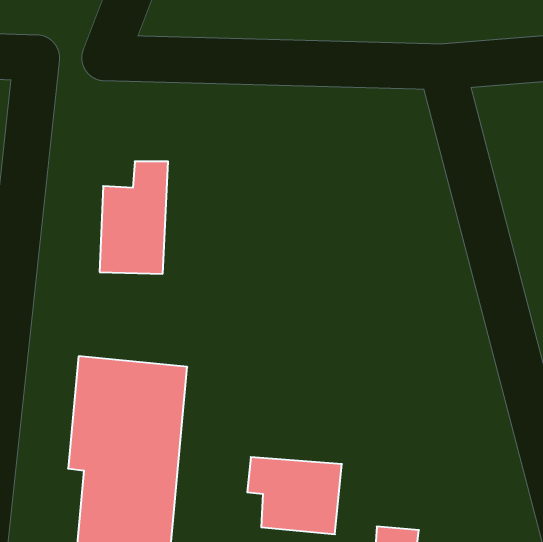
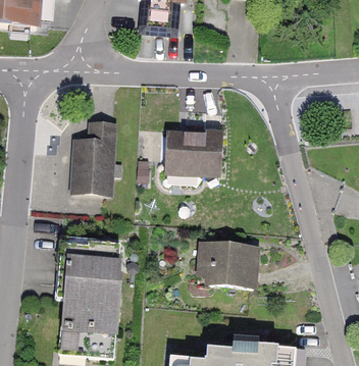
building: none -> [164,132,220,171]
building: [247,457,342,534] -> [201,241,256,285]

